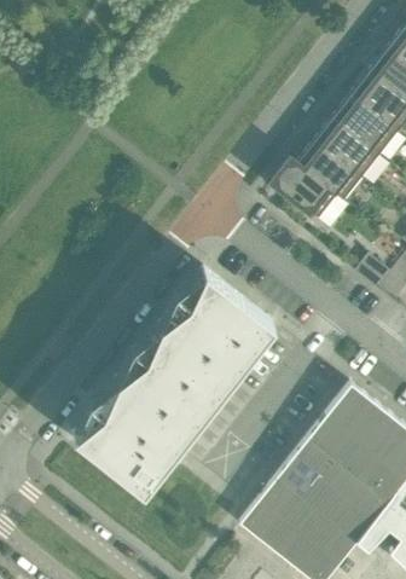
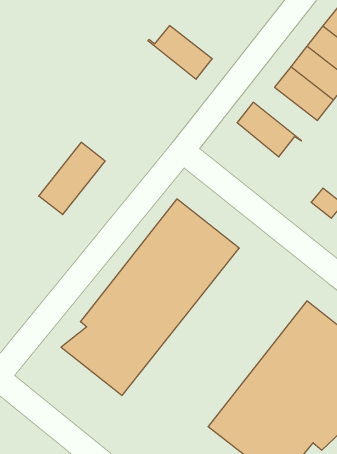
building: [289,143,361,203] -> [148,26,212,79]
building: none -> [39,142,105,215]

